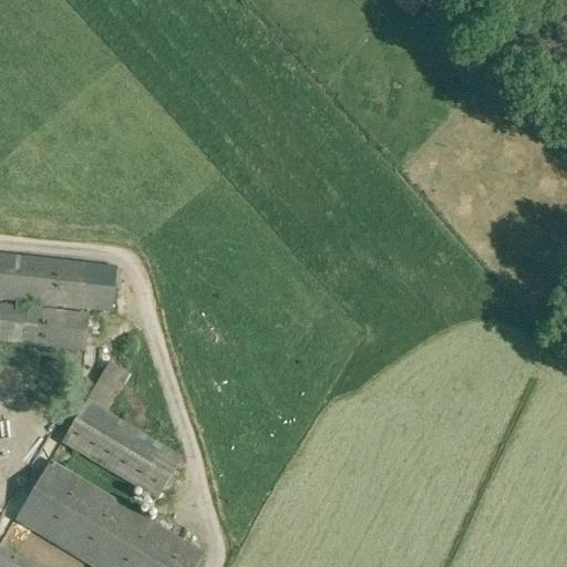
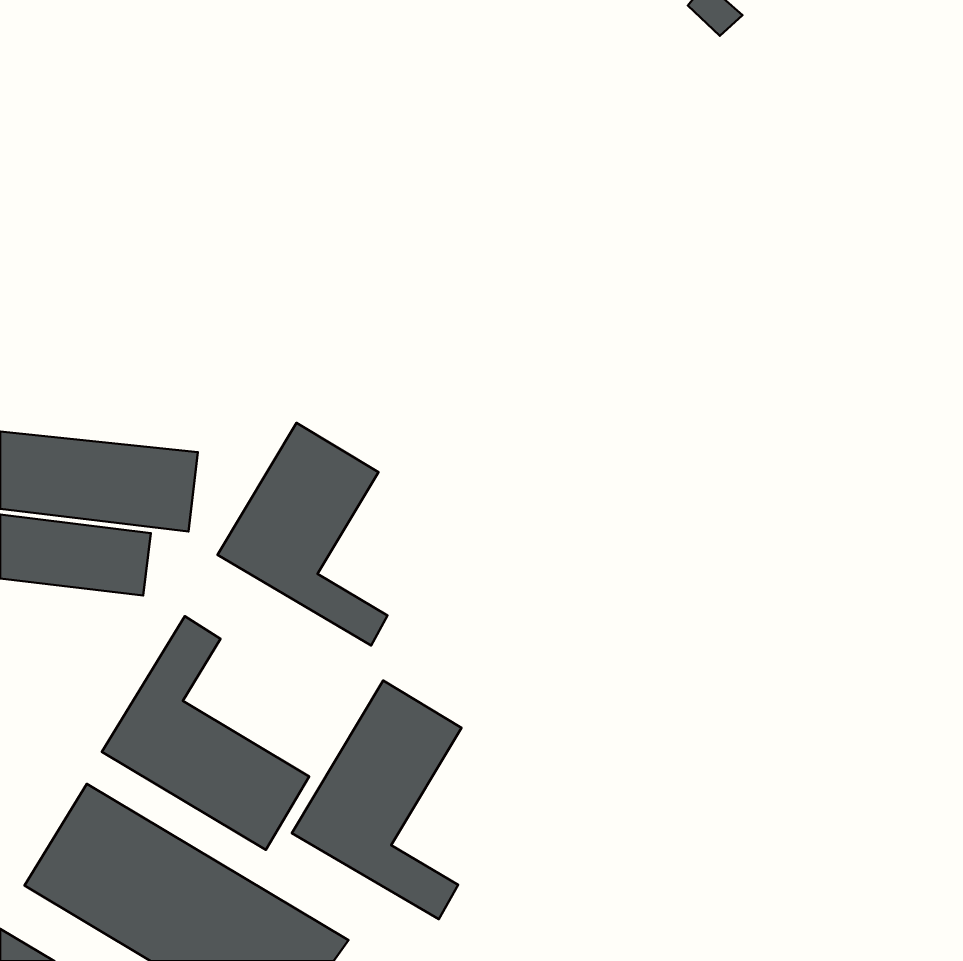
building: none -> [217,423,388,645]
building: none -> [292,680,461,919]

